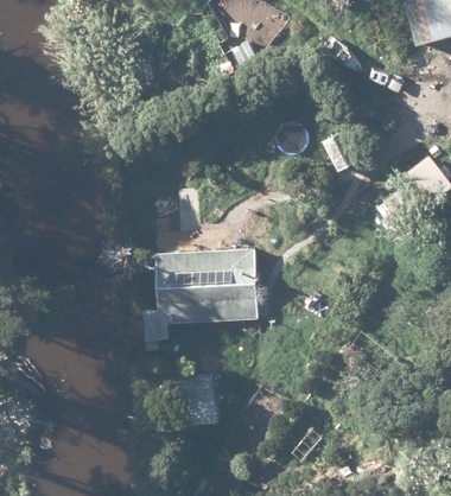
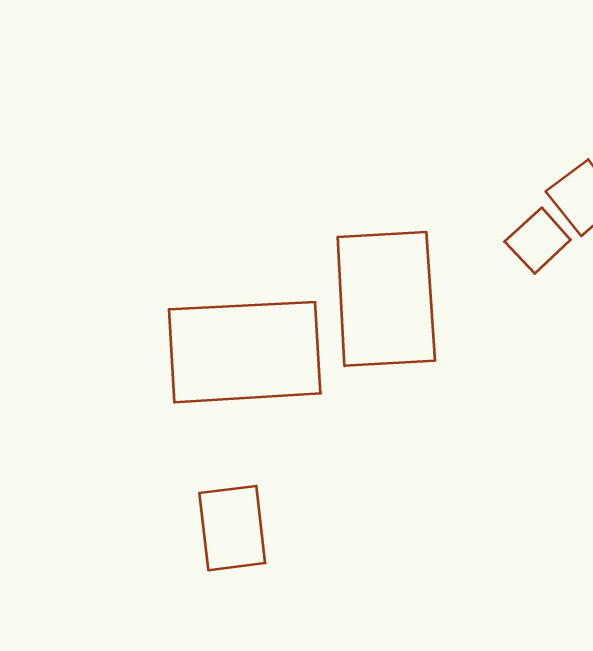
building: none -> [338,232,435,366]

